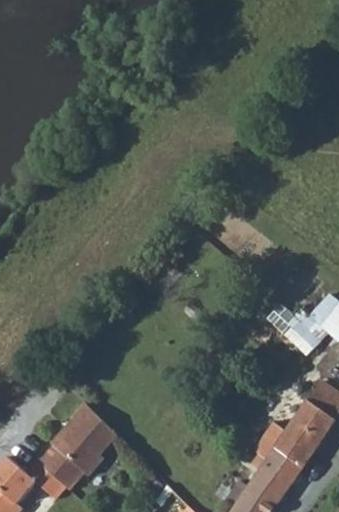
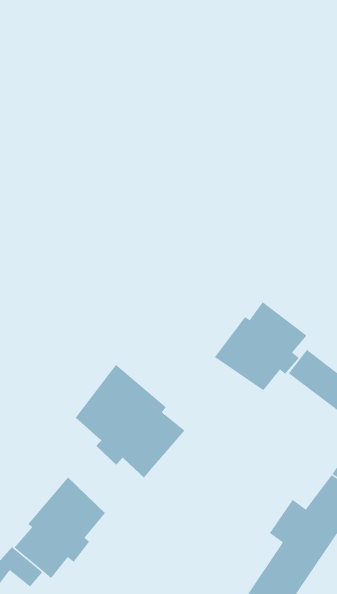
building: none -> [214,301,308,391]
building: none -> [75,364,185,479]

